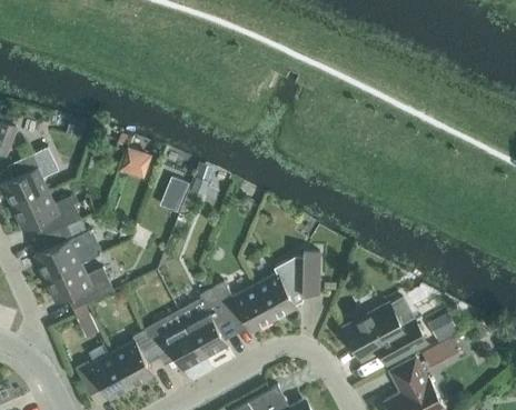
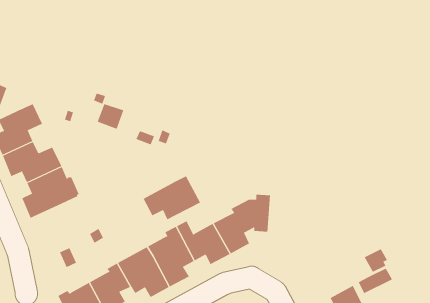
building: none -> [143,176,201,220]
building: [44,263,113,310] -> none
building: [345,306,427,359] -> none

